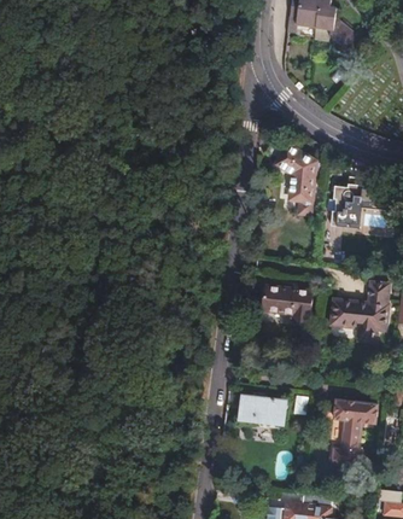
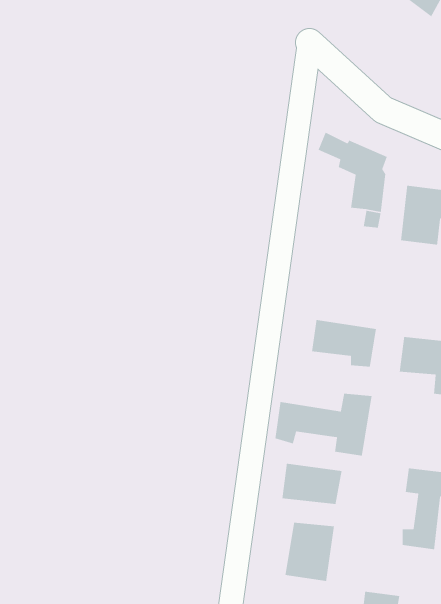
building: none -> [275,393,372,457]
building: none -> [284,522,335,582]

